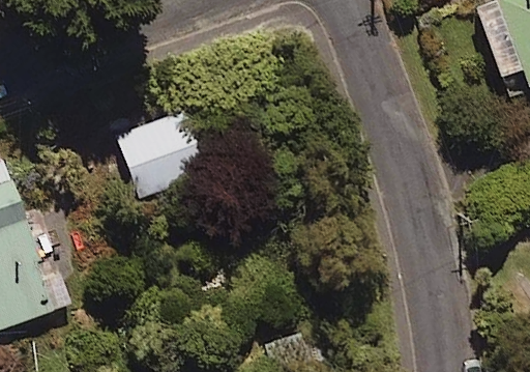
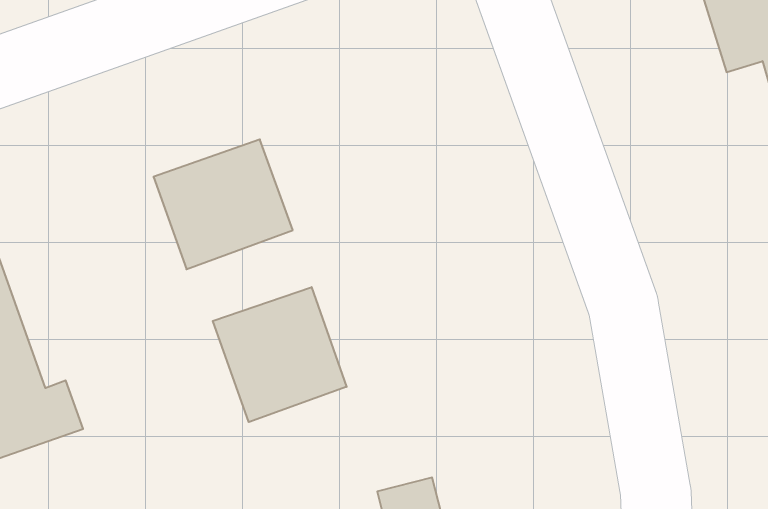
building: none -> [213,287,347,422]

